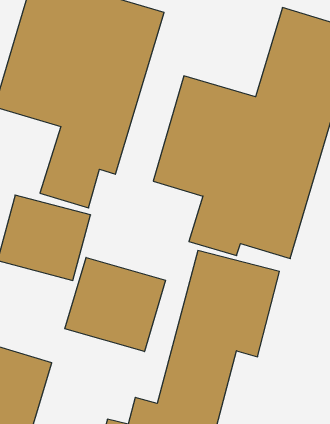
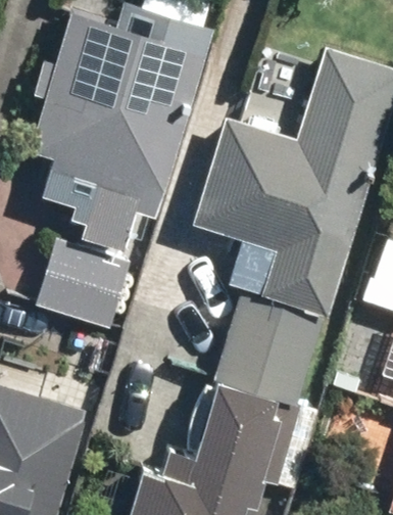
building: [65,257,166,352] -> none

